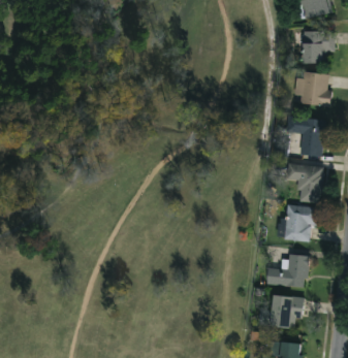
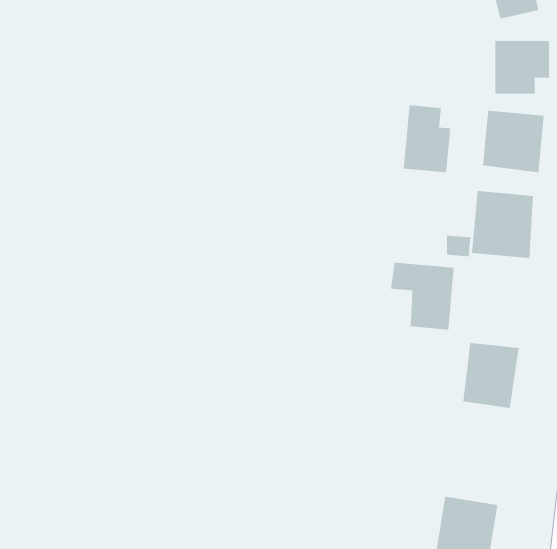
building: none -> [403,104,451,173]
building: [287,163,324,202] -> [390,262,454,330]
building: [266,254,310,286] -> none

